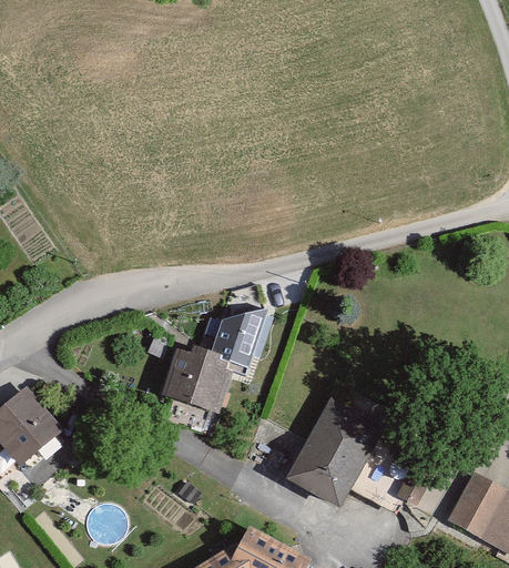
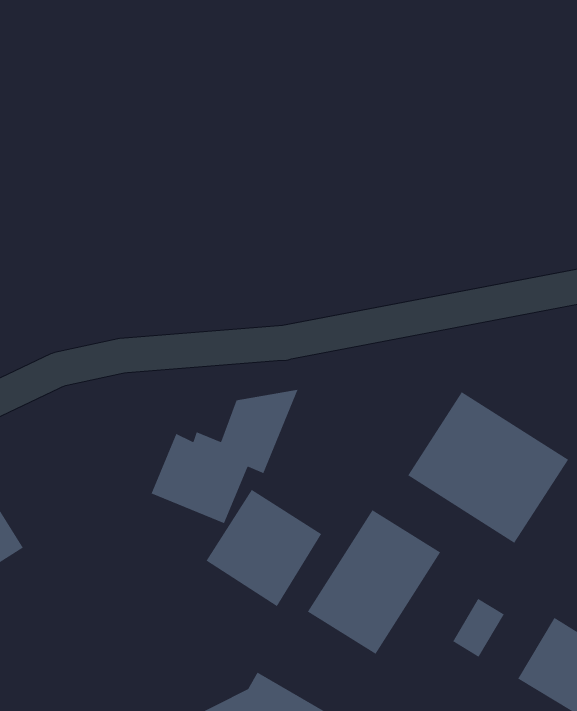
building: none -> [407,391,569,544]
building: none -> [206,489,322,607]

